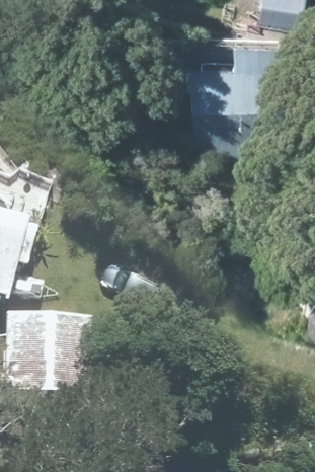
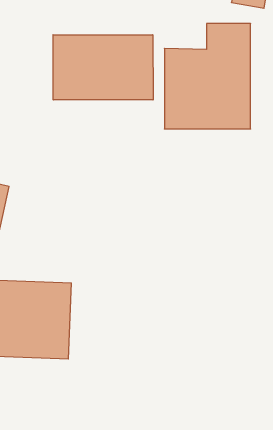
building: none -> [53,35,153,100]

